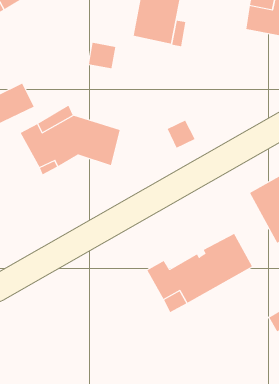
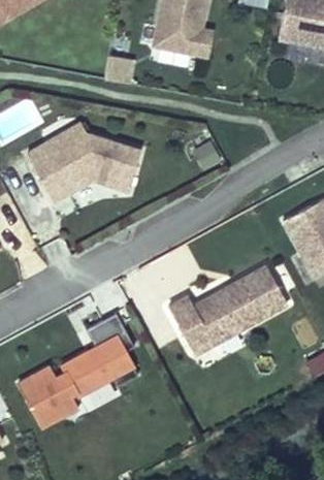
building: none -> [18,312,136,427]

